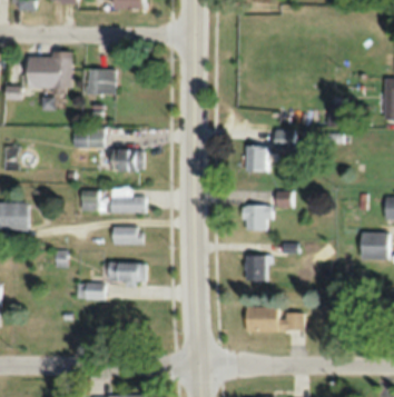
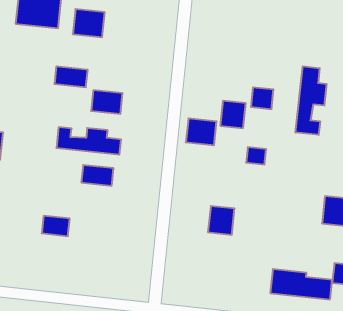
building: none -> [296,66,327,135]
building: [242,206,270,230] -> [186,118,217,145]
building: [108,262,146,281] -> none
building: [243,307,304,331] -> [270,269,332,299]

